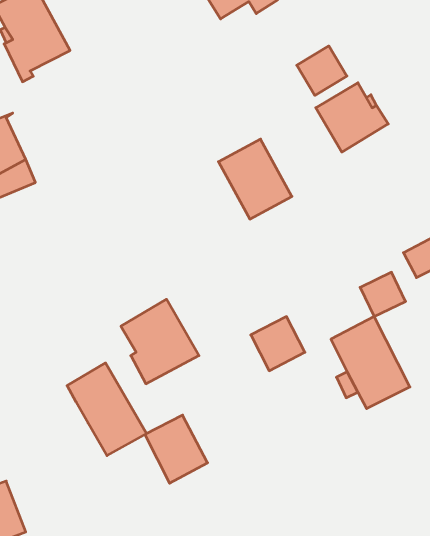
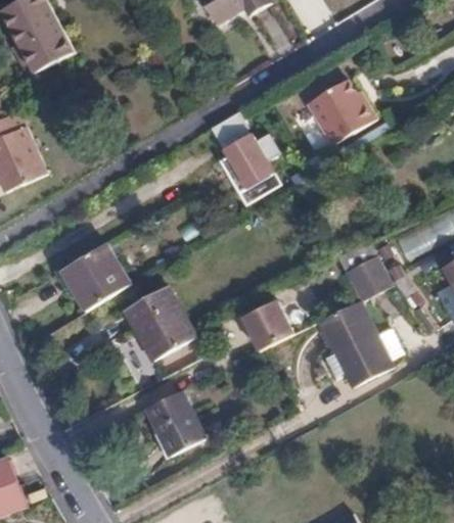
building: [297,46,347,95] -> none
building: none -> [58,242,128,311]
building: [67,363,146,456] -> none

